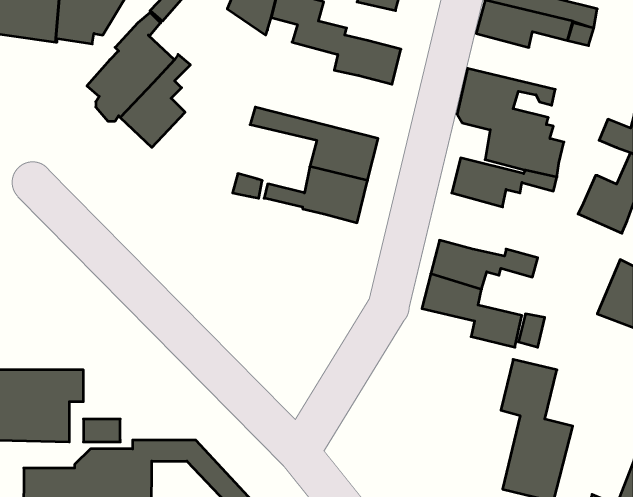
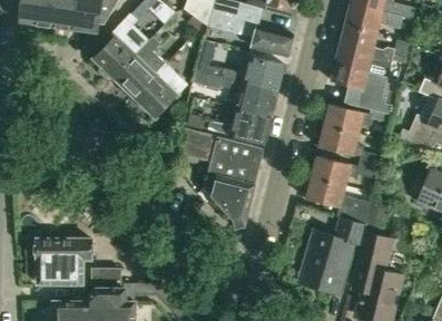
building: none -> [335,25,393,60]
building: none -> [200,43,285,91]
building: none -> [135,75,187,118]
building: none -> [320,126,383,167]
building: none -> [174,128,264,228]
building: none -> [297,217,365,295]

